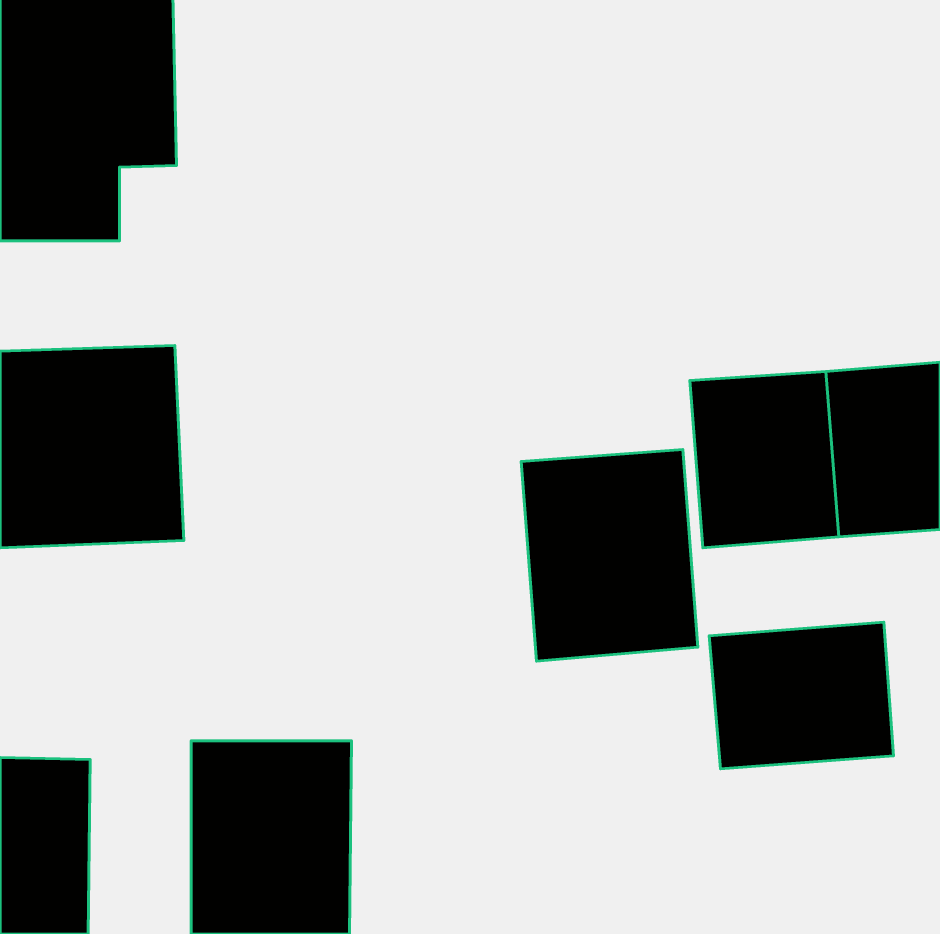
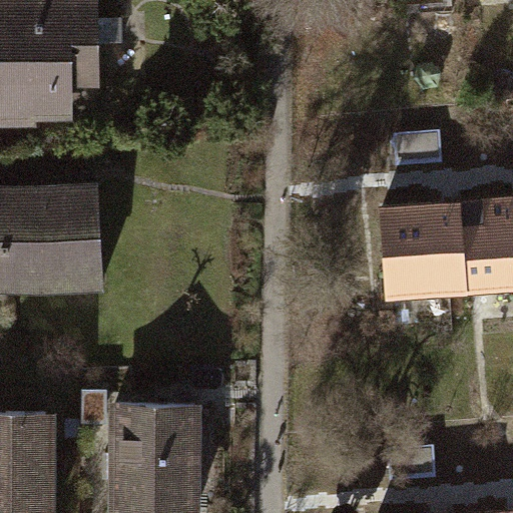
building: [521,450,698,661] -> none
building: [709,622,893,769] -> none

